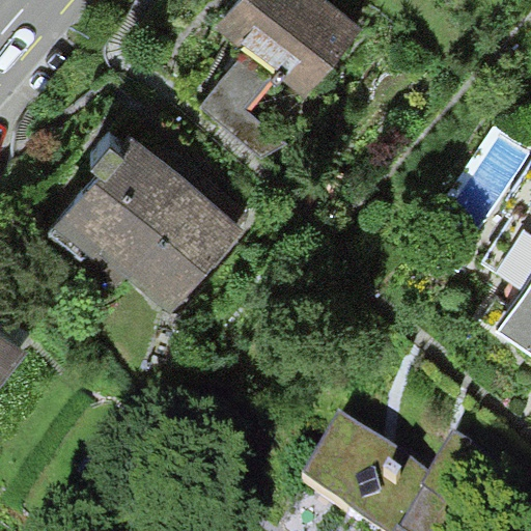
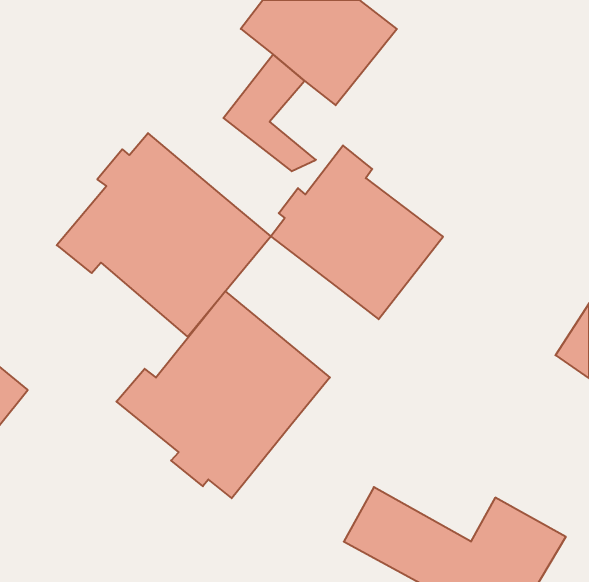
building: none -> [271,145,443,319]
building: none -> [116,291,330,498]

